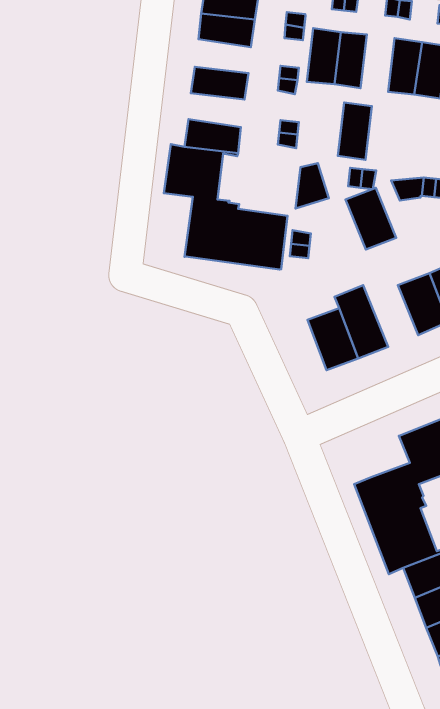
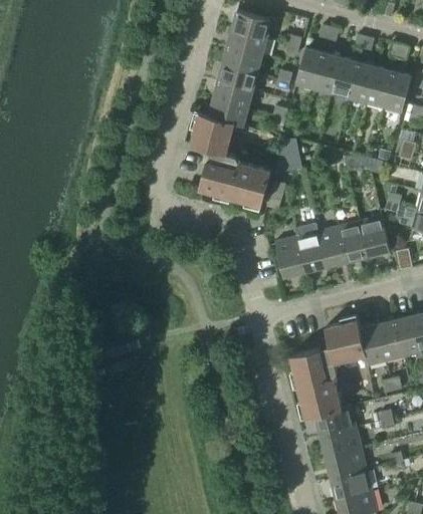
building: none -> [223,45,262,72]
building: none -> [214,80,253,107]
building: [338,102,372,160] -> [332,57,359,97]
building: [346,188,396,249] -> [318,227,348,267]

